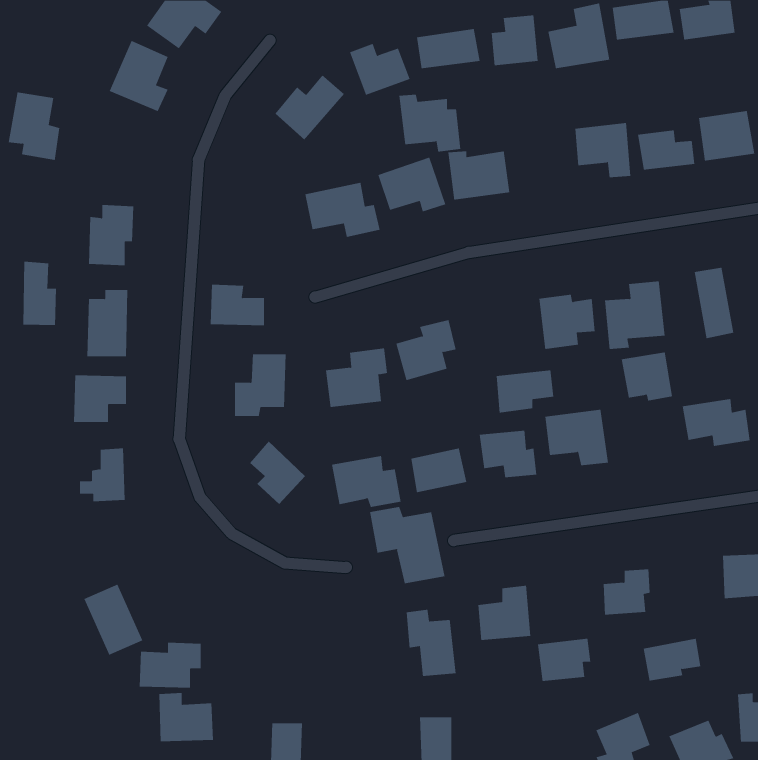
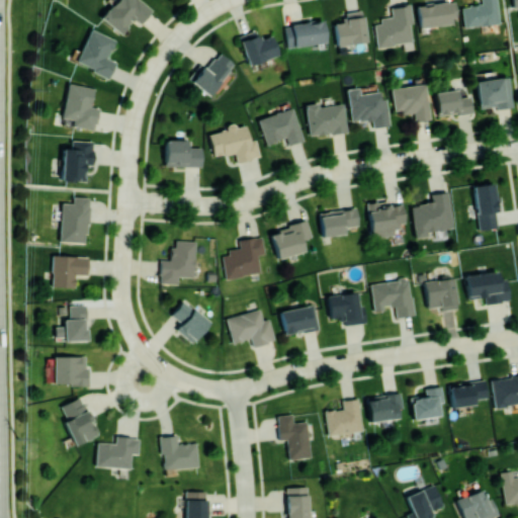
building: [8,92,60,161] -> [64,85,99,132]
building: [399,94,461,152] -> [348,89,391,128]
building: [23,261,57,326] -> none
building: [210,284,265,326] -> [166,140,203,168]
building: [621,352,673,401] -> [424,278,459,312]
building: [496,370,554,413] -> [321,208,360,238]
building: [370,506,445,584] -> none
building: none -> [49,356,90,385]
building: [643,638,701,681] -> [449,379,489,409]
building: [537,638,591,682] -> [367,394,404,423]
building: [158,692,214,742] -> [162,436,199,469]

